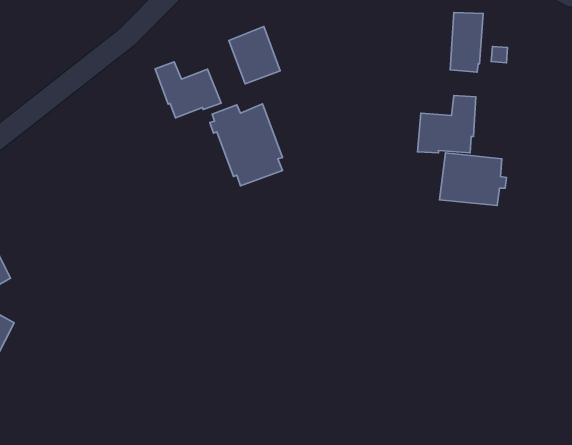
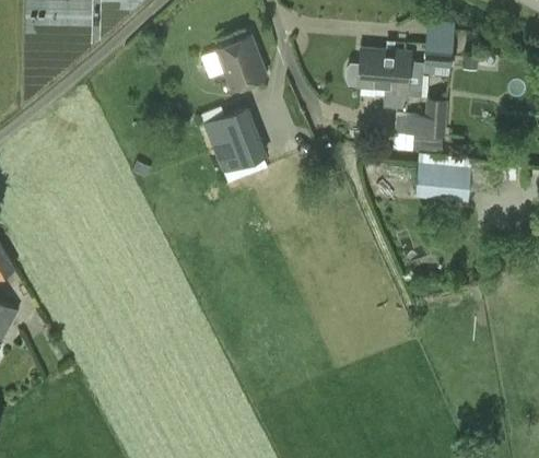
building: none -> [347,48,410,108]
building: [155,62,221,118] -> none

